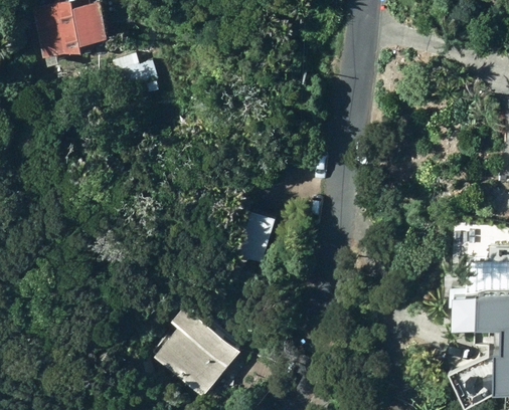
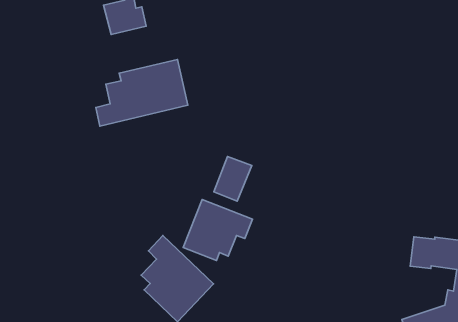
building: none -> [96,60,188,126]
building: none -> [183,199,252,261]

